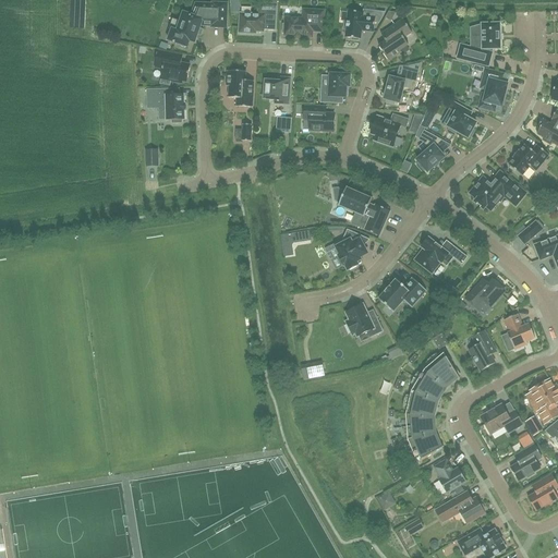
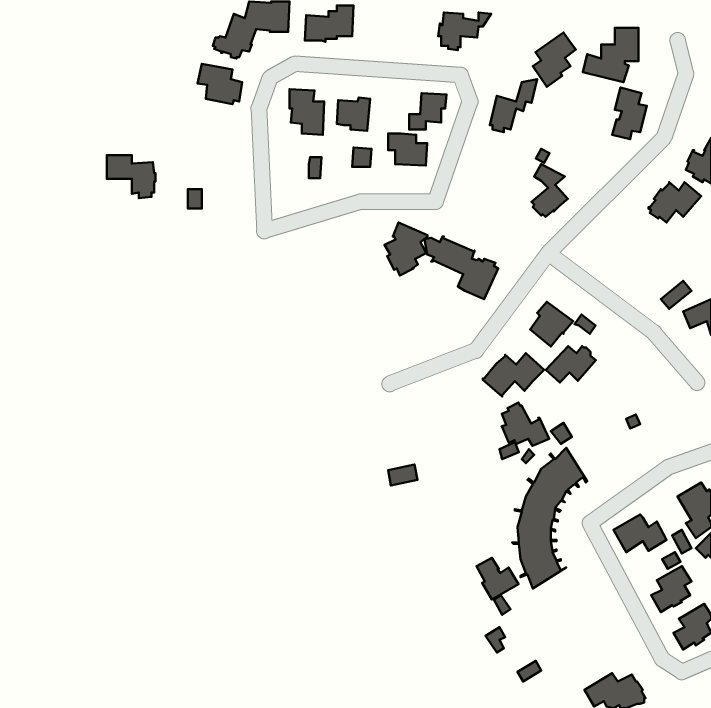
building: [282,9,324,37] -> none
building: [378,17,412,60] -> [533,33,576,87]
building: [147,88,185,122] -> [107,155,156,198]
building: [447,100,476,136] -> none
building: [372,112,409,145] -> none
building: [471,171,525,208] -> none
building: [336,228,369,269] -> [384,223,428,276]
building: [465,278,505,306] -> [546,346,596,382]
building: [347,302,384,336] -> [502,403,549,446]
building: [504,313,535,349] -> none
building: [469,329,496,369] -> none
building: [434,459,466,492] -> [477,558,518,599]
building: [435,490,485,522] -> none

